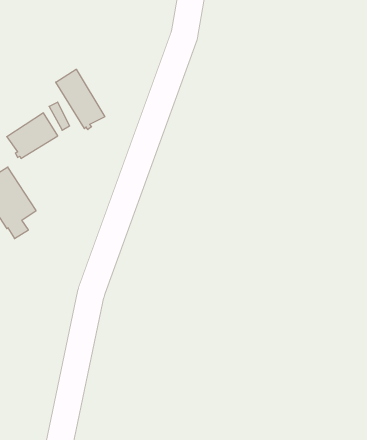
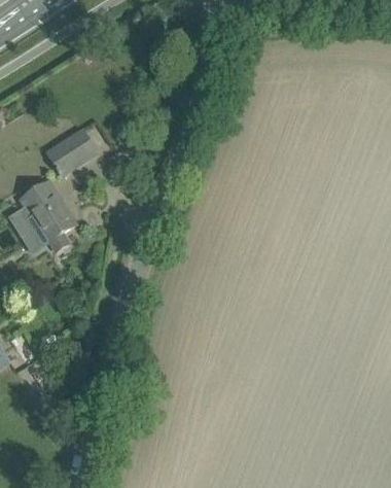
building: [56,69,105,130] -> none

